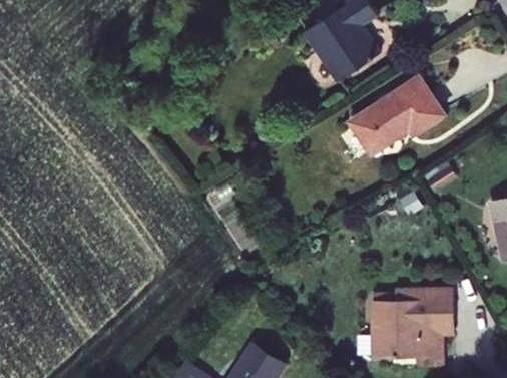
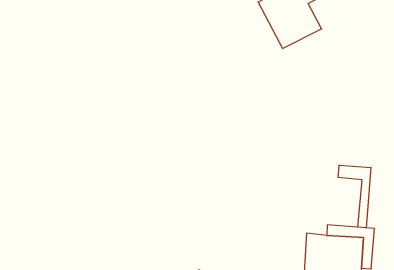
building: [346,80,439,155] -> none
building: none -> [338,165,371,228]

